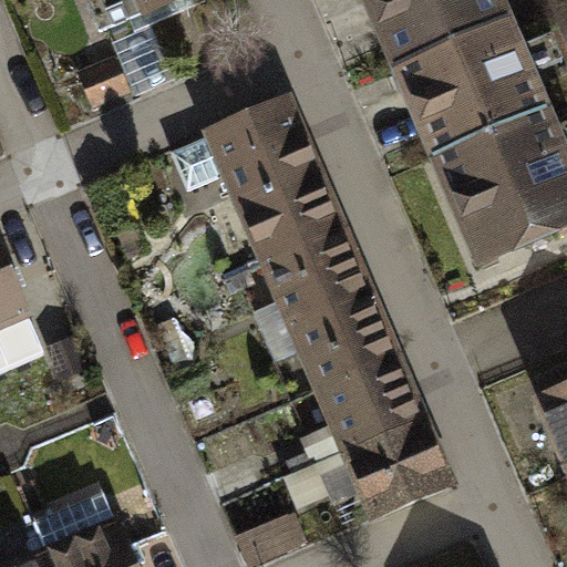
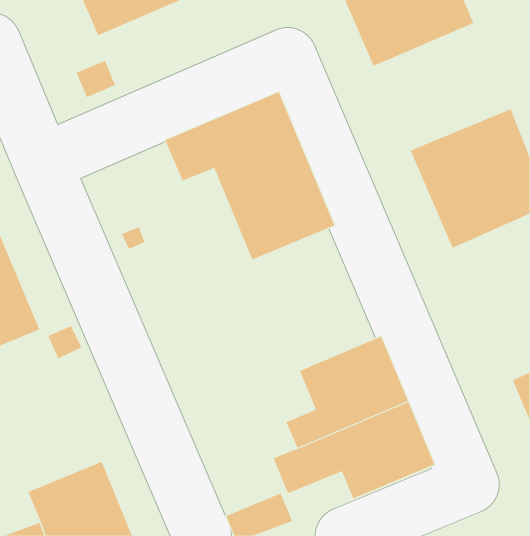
building: [392,24,537,158] -> none
building: [256,237,401,390] -> none

